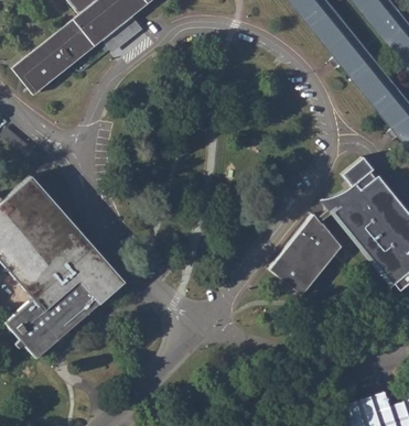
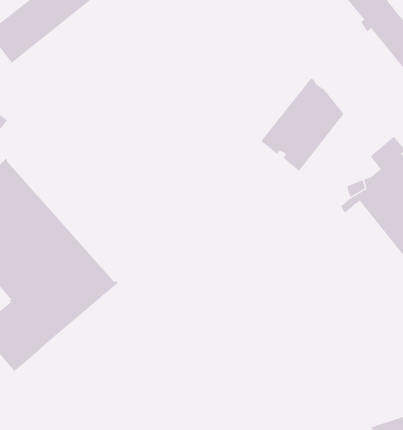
building: [270,214,342,294] -> [261,78,344,172]

